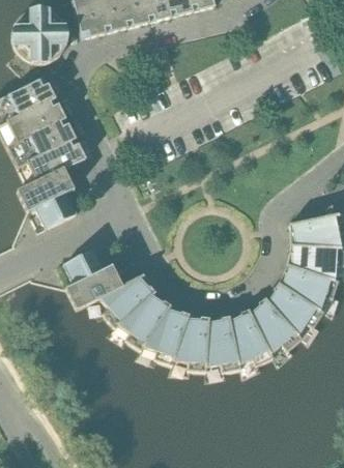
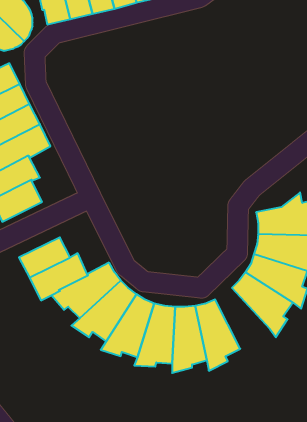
building: [249,296,303,365] -> none

